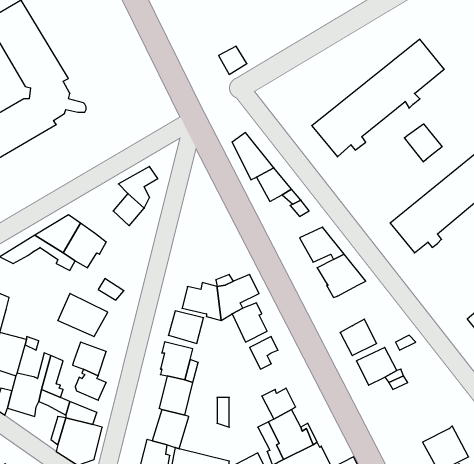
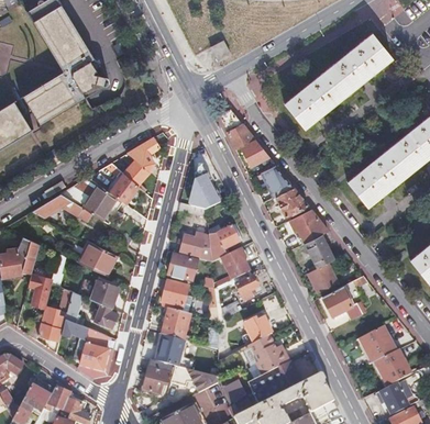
building: [404,124,442,162] -> none
building: none -> [188,164,221,209]
building: none -> [109,168,139,202]
building: none -> [306,233,334,266]
building: none -> [361,324,397,361]

